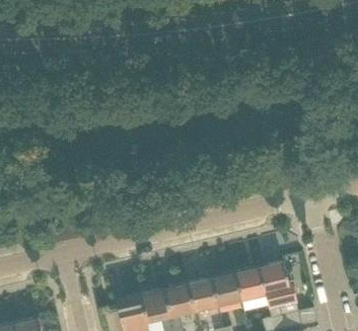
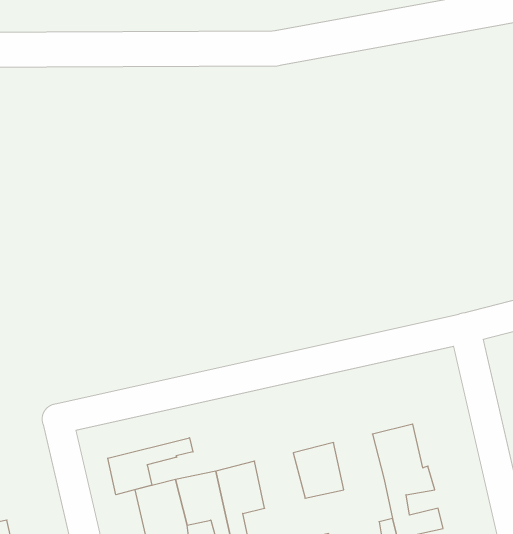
building: [235,267,266,301] -> none
building: none -> [108,438,193,495]
building: [188,278,218,312] -> none

